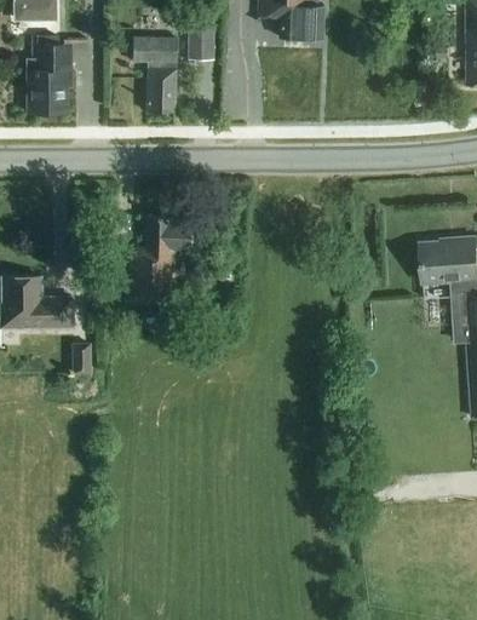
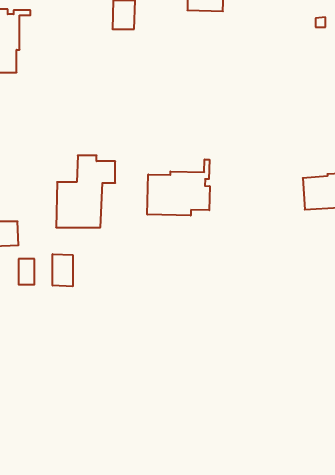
building: [133,38,177,111] -> none
building: none -> [147,159,210,216]
building: none -> [53,254,73,286]

